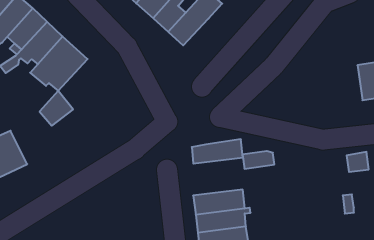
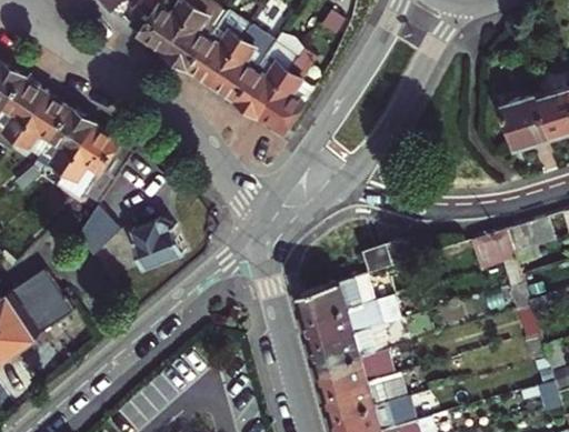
building: none -> [260,73,305,131]
building: none -> [128,220,183,269]
building: [192,139,243,164] -> [300,275,372,319]
building: none -> [473,231,515,269]

